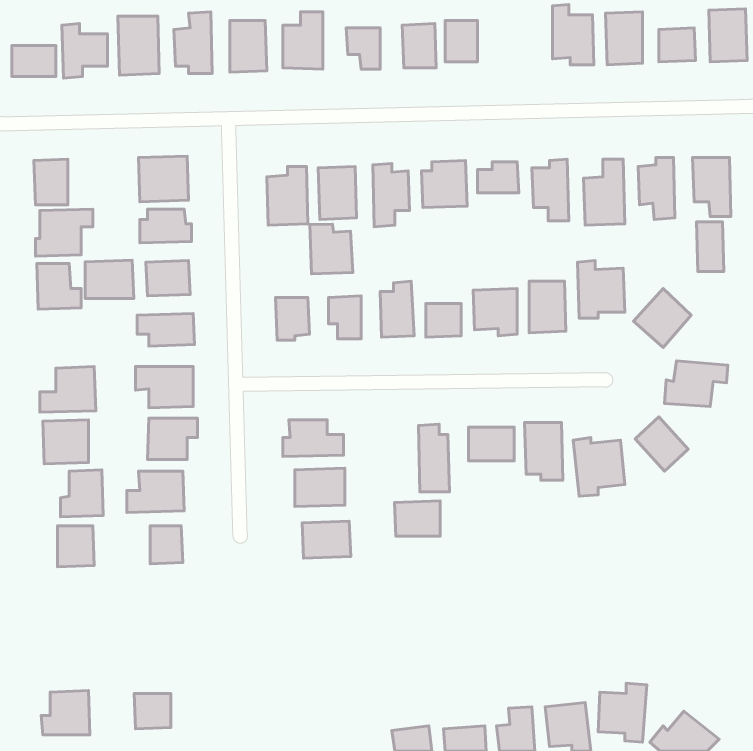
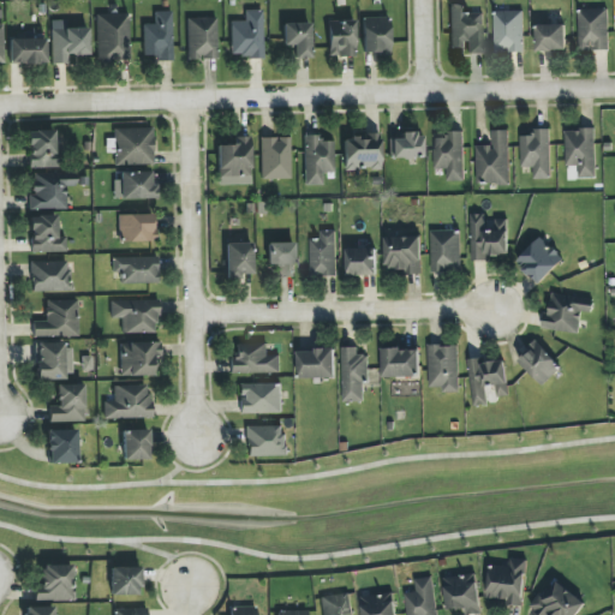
building: [697,222,724,272] -> none
building: [310,224,353,274] -> none
building: [85,260,134,299] -> [31,259,71,291]
building: [394,501,440,536] -> [298,348,335,377]

